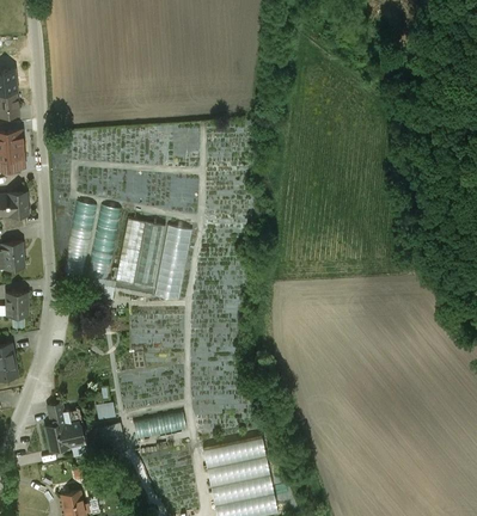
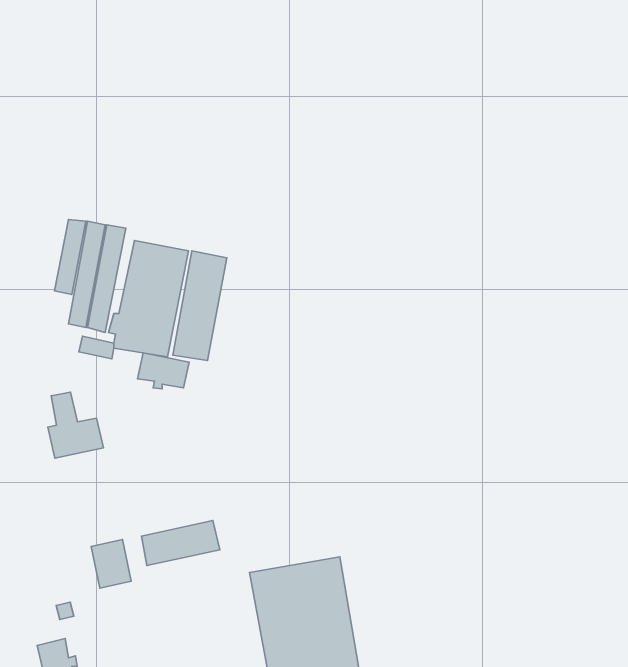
building: none -> [138,353,189,389]
building: [45,404,84,449] -> [48,392,103,458]

